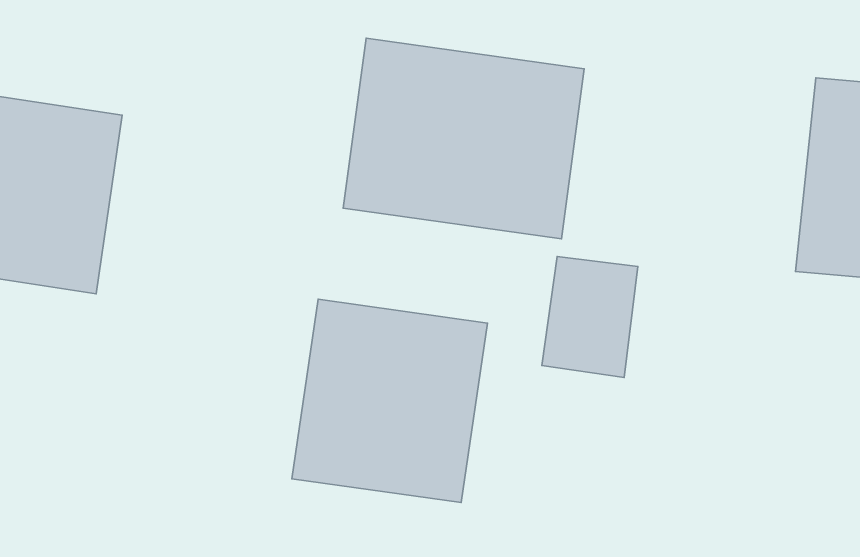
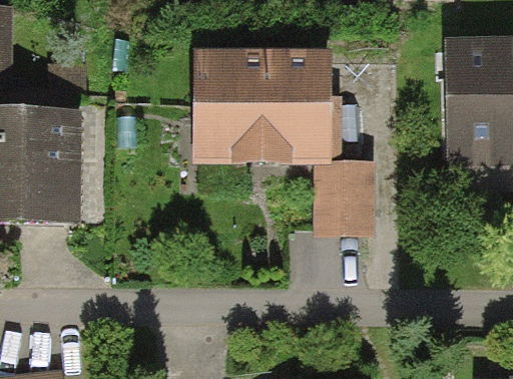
building: [292,299,487,503] -> none

